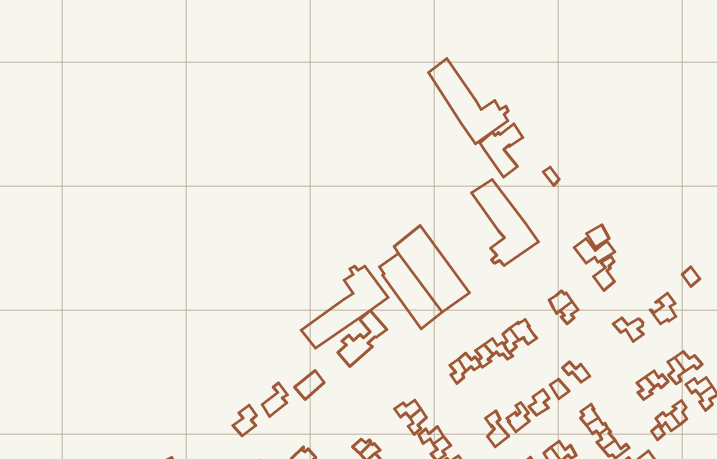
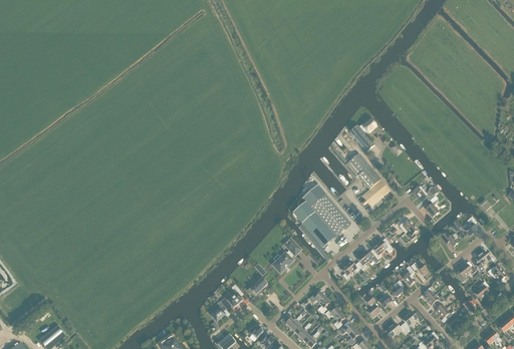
building: [428,59,508,144] -> none
building: [301,266,388,348] -> none

